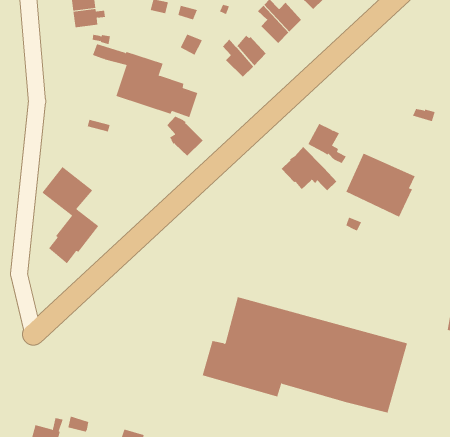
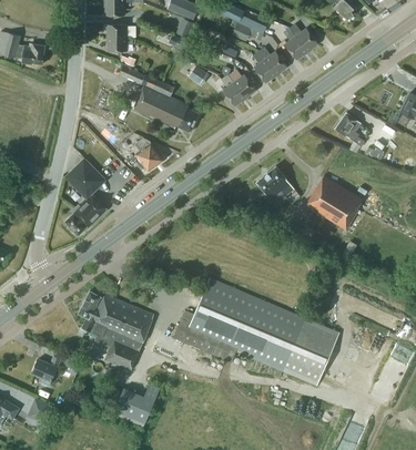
building: [166,116,203,157] -> [135,137,163,171]
building: [307,123,347,164] -> [335,113,365,147]
building: none -> [79,292,154,370]

